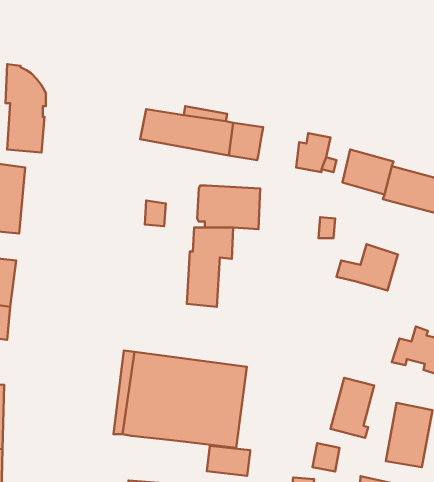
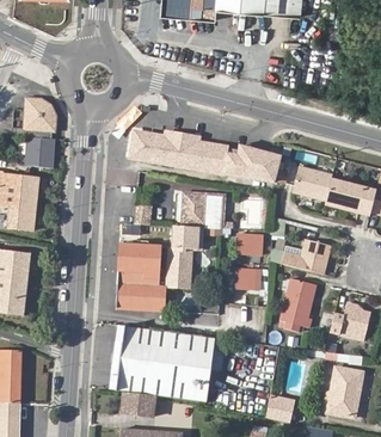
building: none -> [225,144,264,178]
building: none -> [238,233,263,256]
building: none -> [109,235,170,309]
building: none -> [235,267,260,290]
building: [331,378,374,438] -> [284,281,319,328]
building: [207,446,250,476] -> [121,392,155,416]

